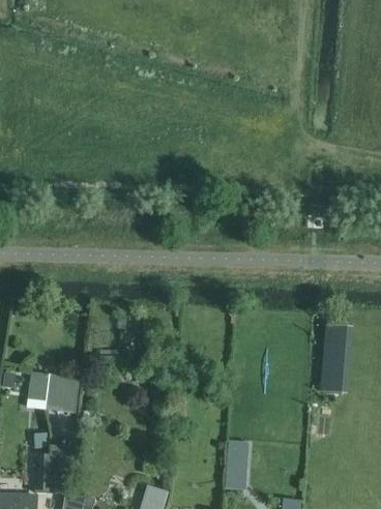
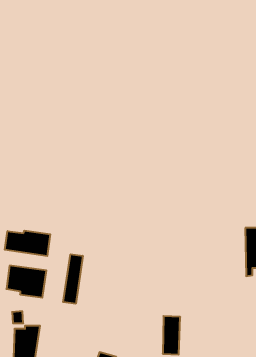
building: none -> [5,231,50,256]
building: none -> [63,254,83,304]

